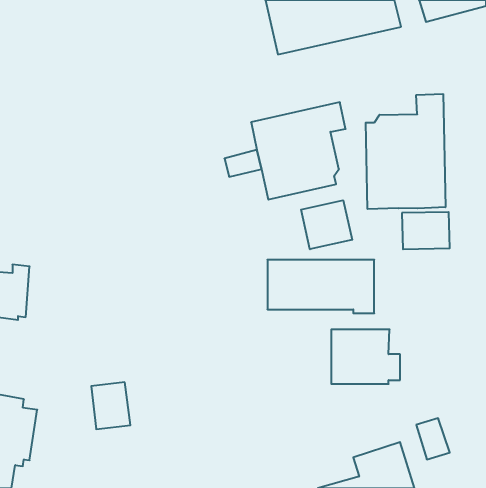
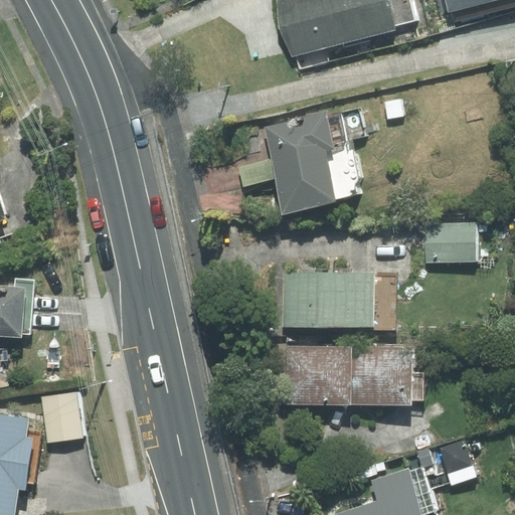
building: [366,94,445,209] -> none
building: [301,200,352,249] -> none
building: none -> [284,347,349,404]
building: [91,382,130,429] -> [41,391,82,441]

